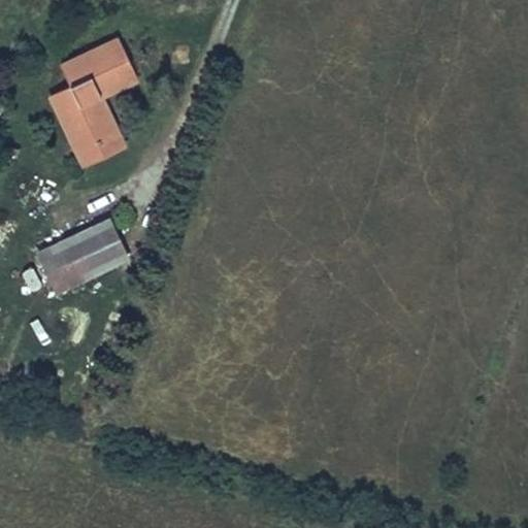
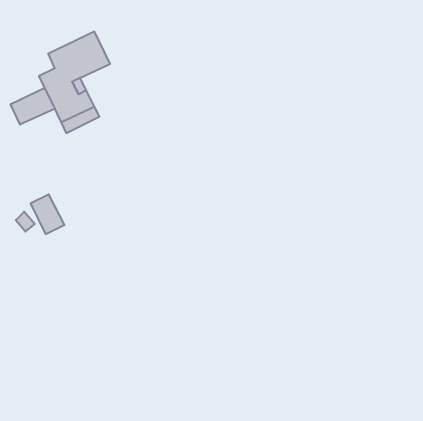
building: none -> [11,88,55,125]
building: [61,219,128,280] -> none

